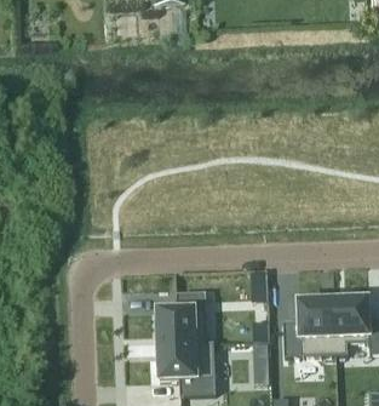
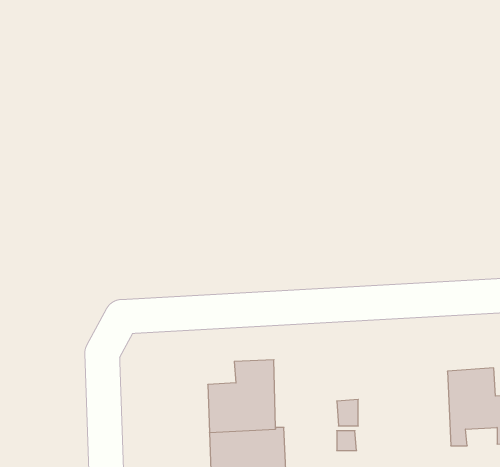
building: [285,301,337,358] -> none

